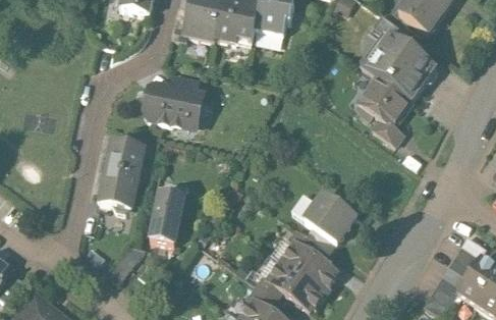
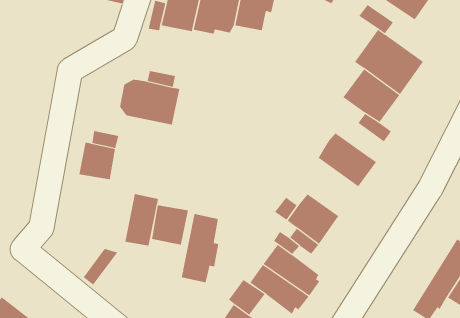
building: none -> [318,133,377,187]
building: [97,175,136,213] -> none
building: none -> [152,205,189,246]
building: none -> [181,213,219,283]

